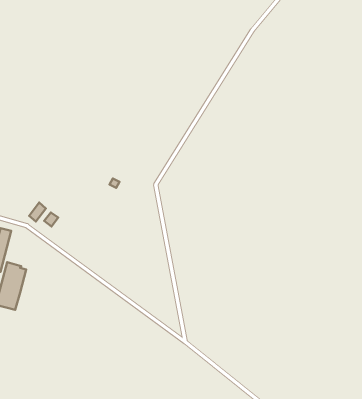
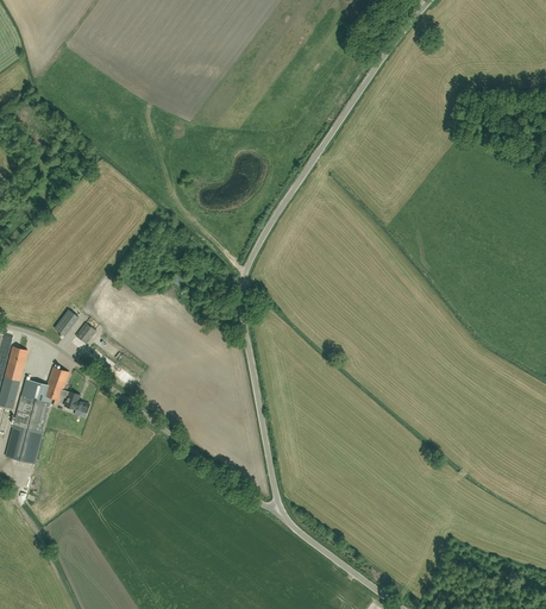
building: none -> [44,365,90,412]

